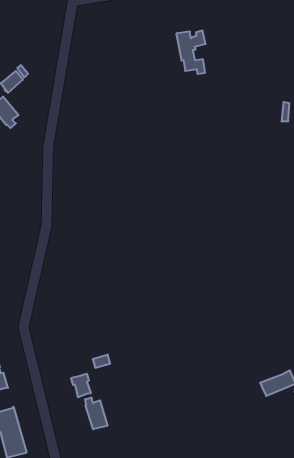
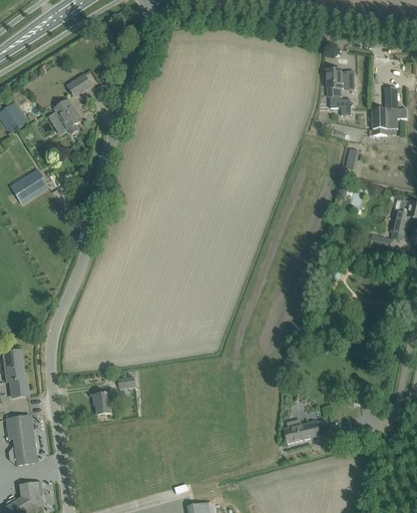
building: [176,31,206,74] -> [327,68,355,112]
building: [85,397,107,429] -> none

